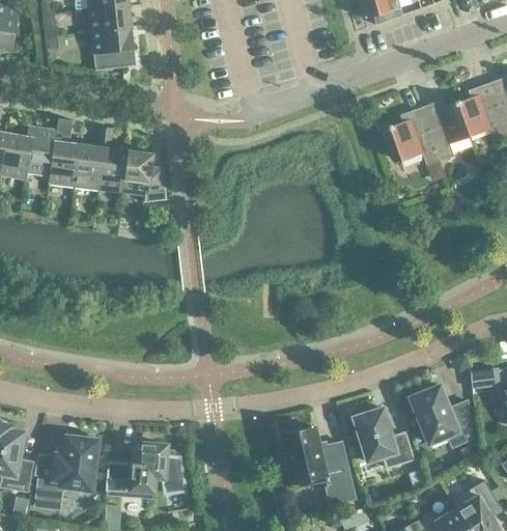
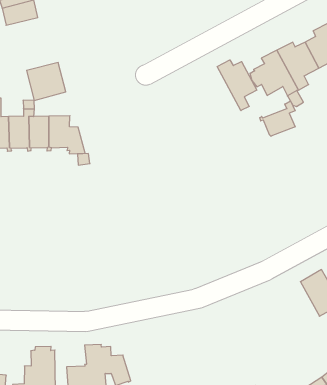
building: [91,28,136,71] -> [27,63,66,100]
building: none -> [217,60,257,111]
building: none -> [260,101,295,136]
building: [353,407,413,469] -> none
building: [279,428,355,506] -> none

